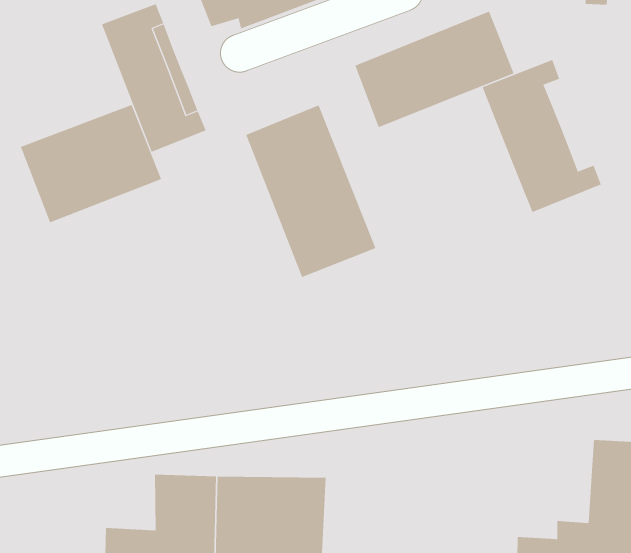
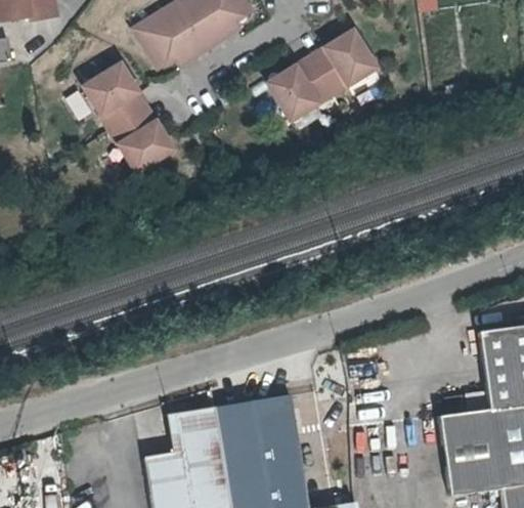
building: [482,59,601,213] -> none
building: [20,104,162,223] -> none
building: [246,104,376,278] -> none

